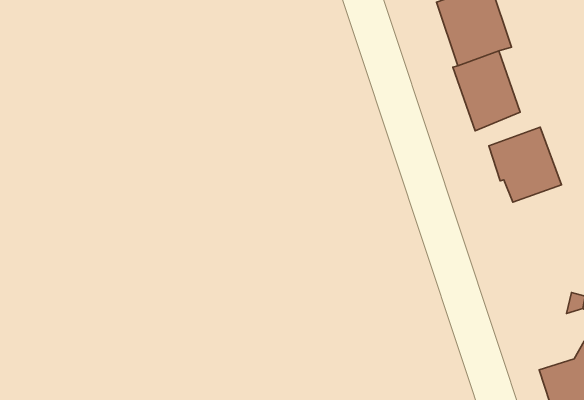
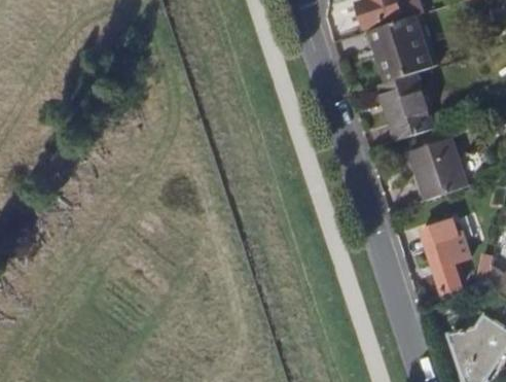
building: none -> [420,218,470,291]

